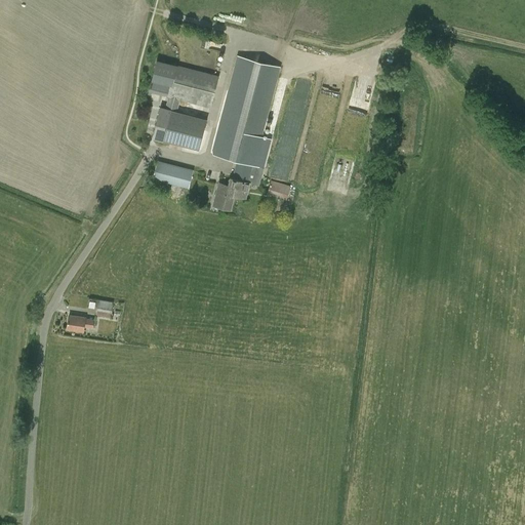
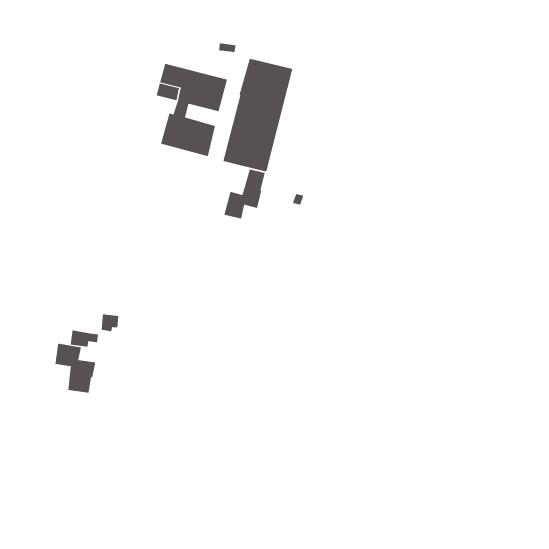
building: [153,160,194,189] -> none
building: none -> [55,343,96,394]

